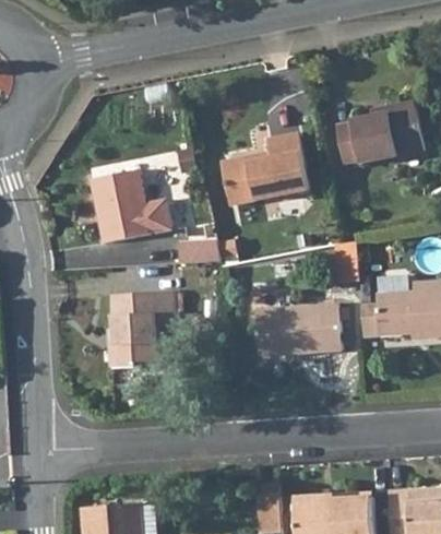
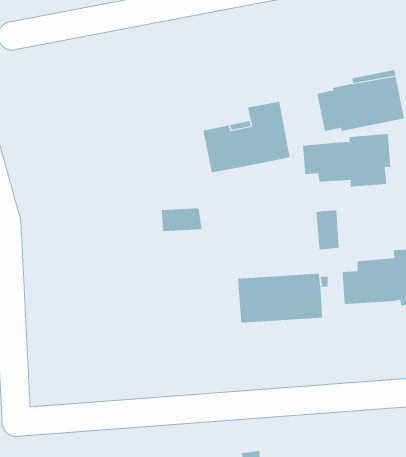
building: none -> [302,133,391,187]
building: [90,169,170,242] -> none
building: [109,290,175,367] -> none

